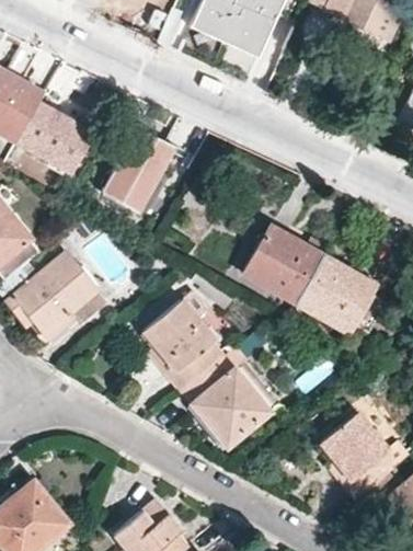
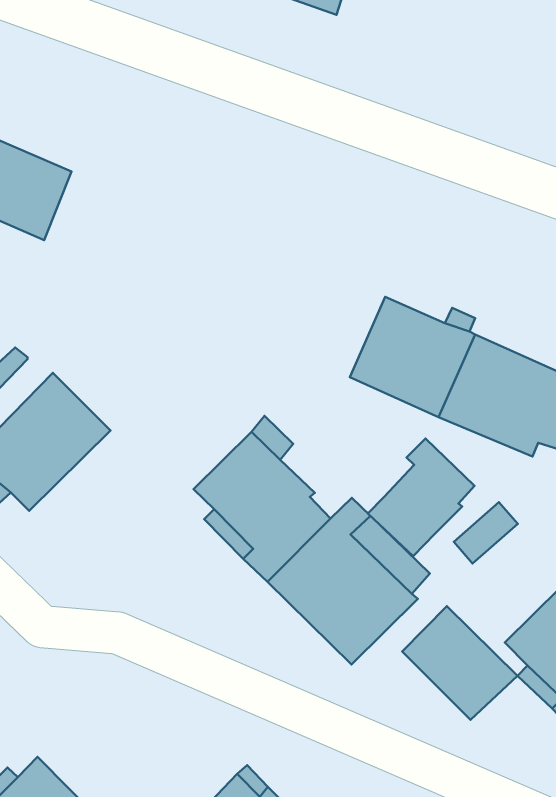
building: [105,130,176,211] -> none
building: none -> [368,439,474,556]
building: none -> [402,606,518,720]

